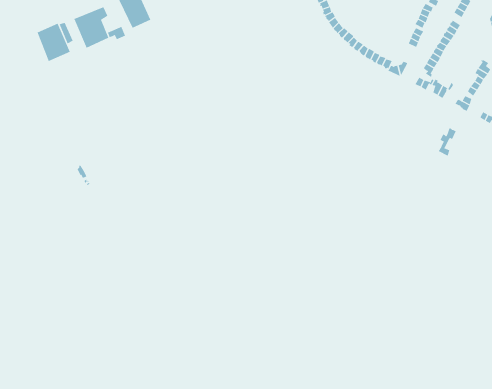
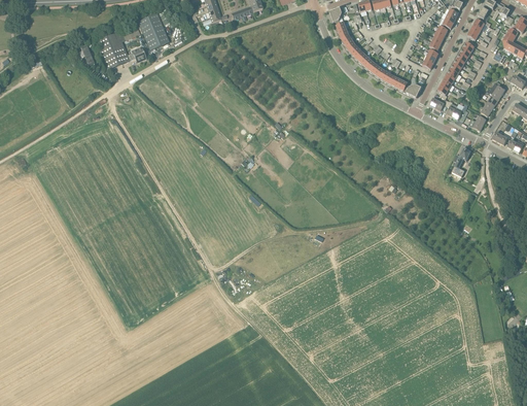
building: [37,23,70,62] -> none

